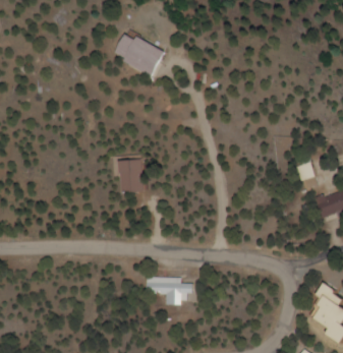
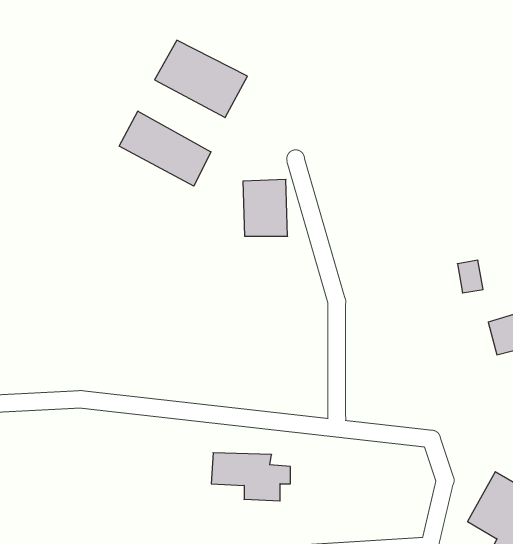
building: none -> [119,111,211,186]
building: [120,159,147,192] -> [243,179,288,236]

